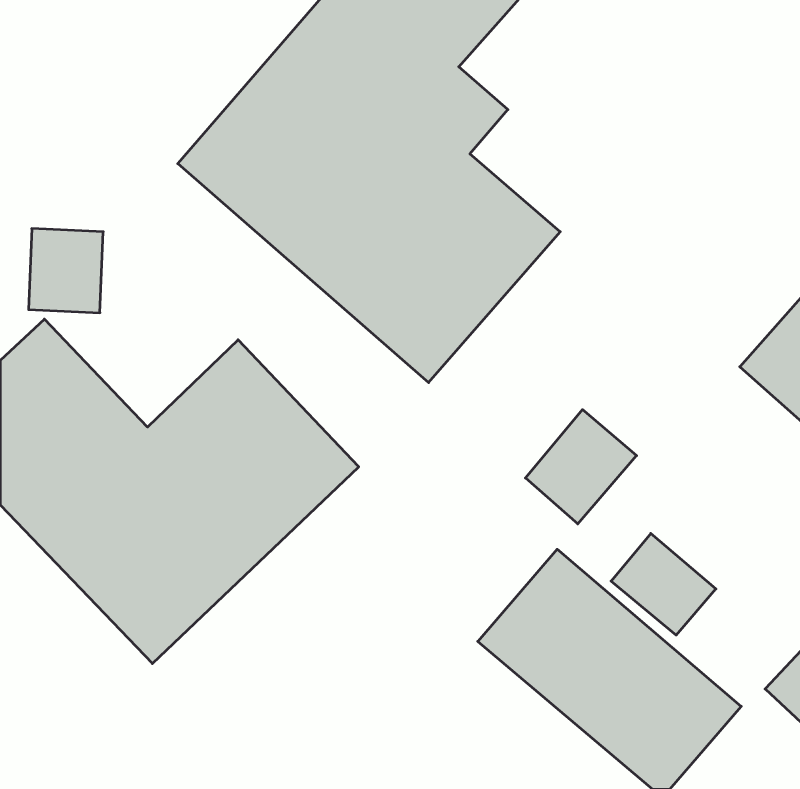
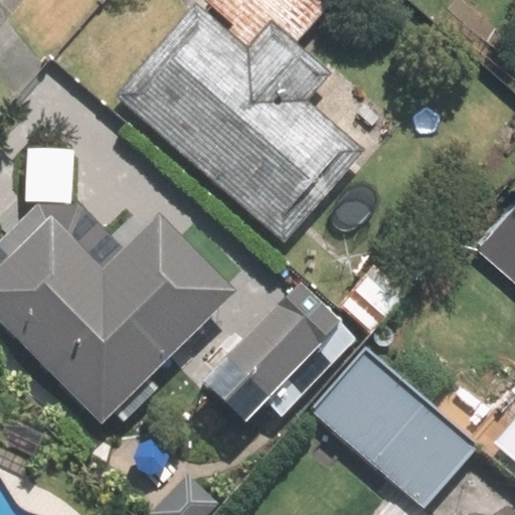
building: none -> [198,280,356,427]

